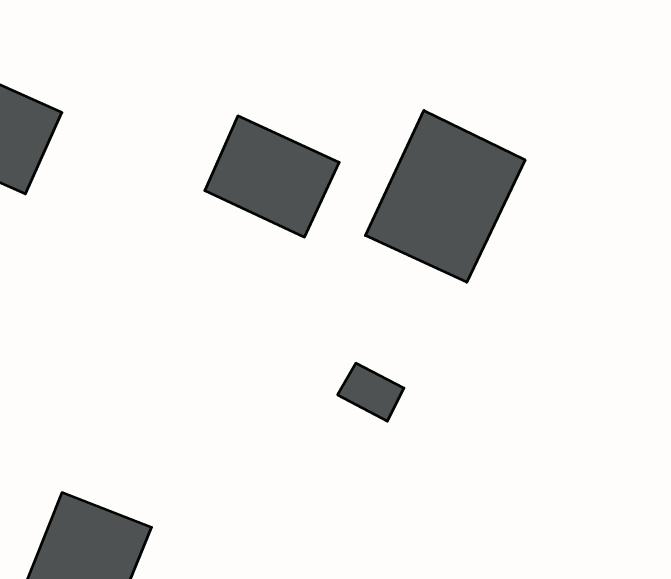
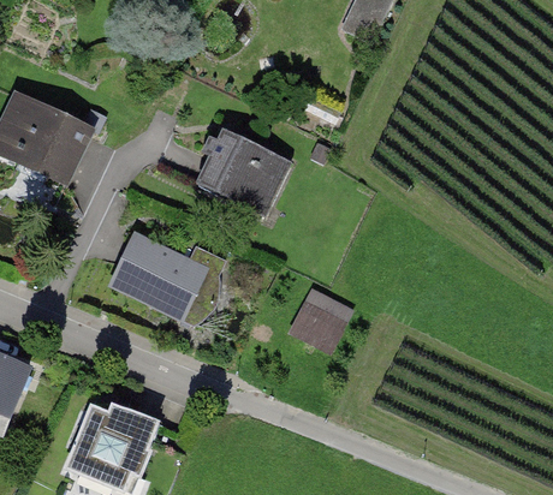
building: [365,110,525,282] -> none
building: none -> [111,232,208,322]

